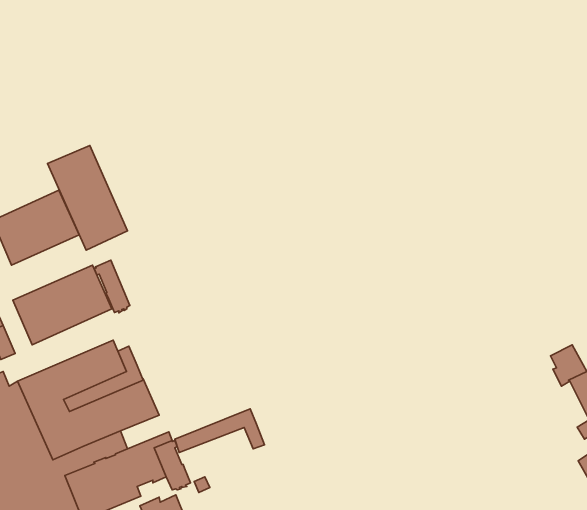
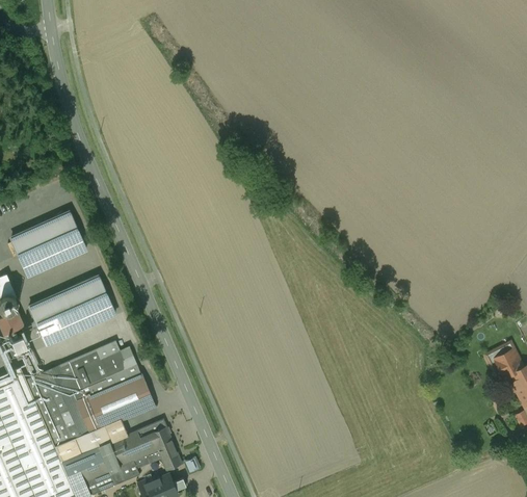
building: [47,145,127,250] -> none
building: [94,260,130,313] -> none
building: [175,409,264,452] -> none

